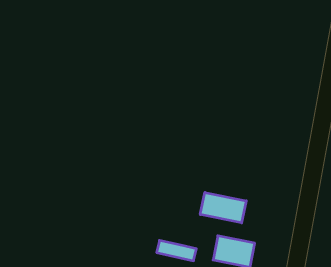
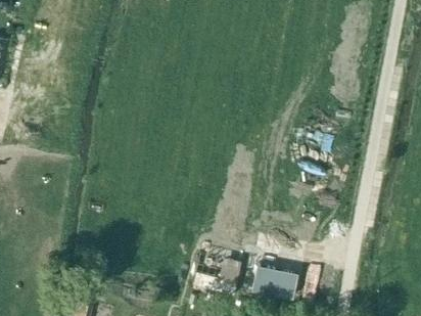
building: [200,192,246,223] -> none

